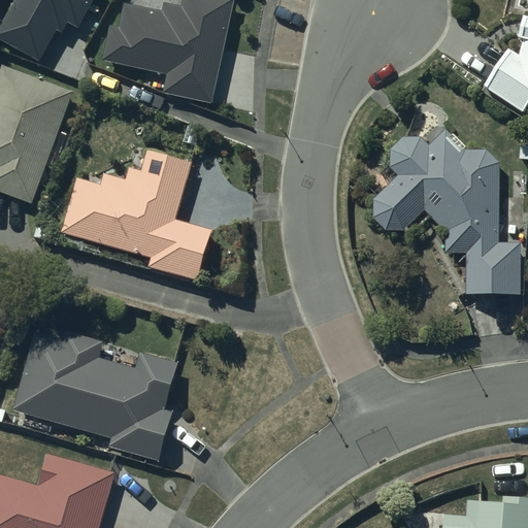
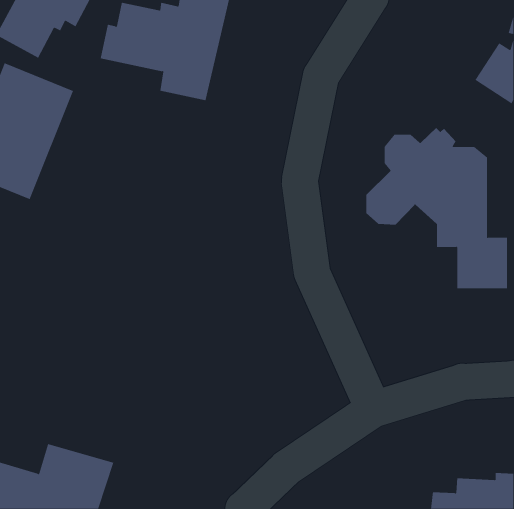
building: [59,150,211,282] -> none
building: [12,332,177,460] -> none

